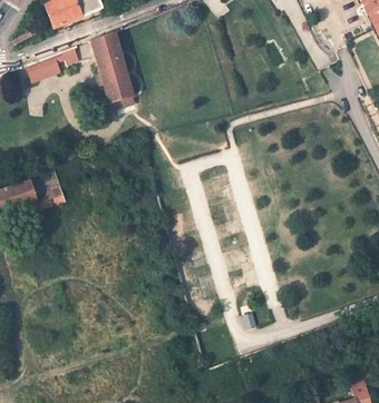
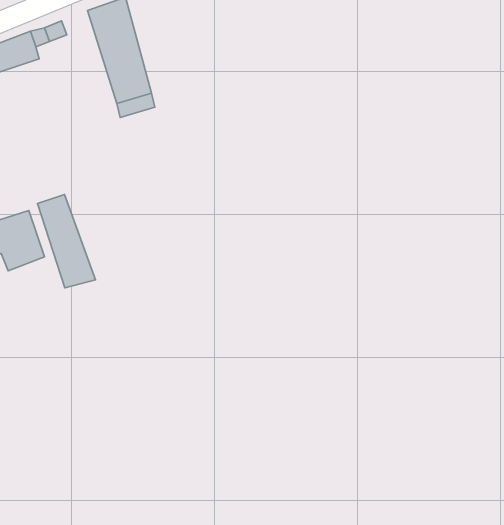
building: none -> [38,194,95,288]

